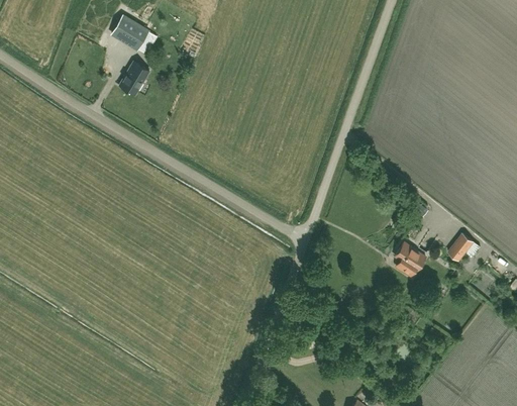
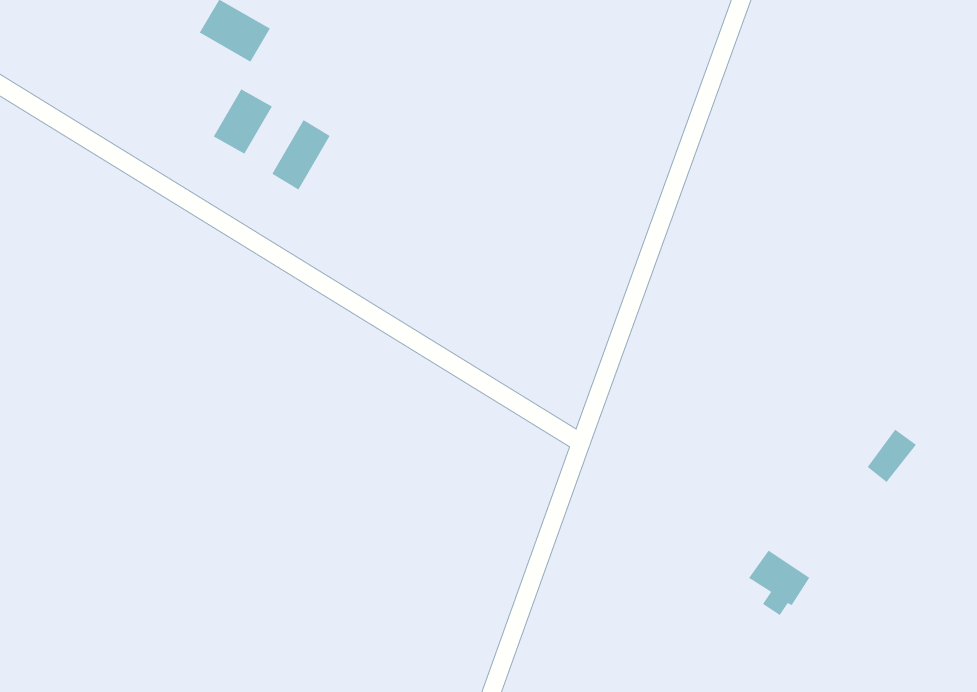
building: none -> [271,119,330,191]
building: [395,243,426,277] -> [748,550,810,616]

